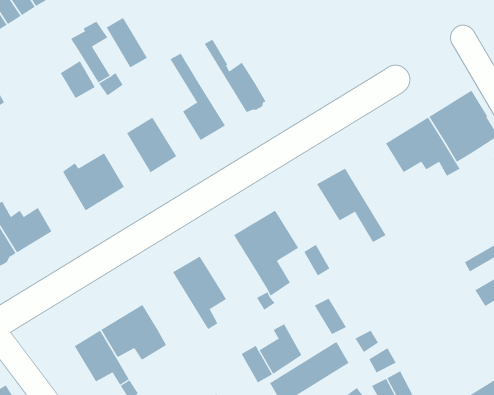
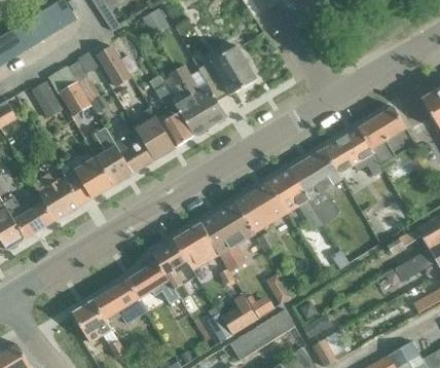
building: none -> [198,45,257,100]
building: none -> [170,69,211,135]
building: none -> [32,81,62,116]
building: none -> [136,106,175,159]
building: none -> [94,126,133,184]
building: none -> [291,149,341,223]
building: none -> [33,173,81,220]
building: none -> [234,182,286,232]
building: none -> [174,223,219,269]
building: none -> [127,261,178,302]

